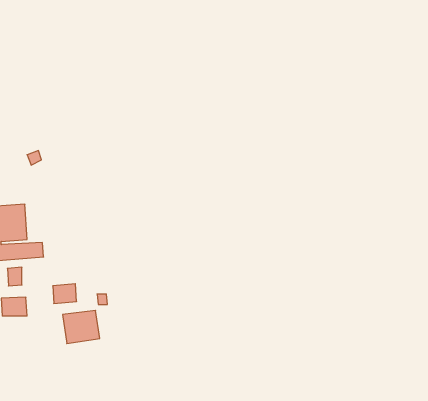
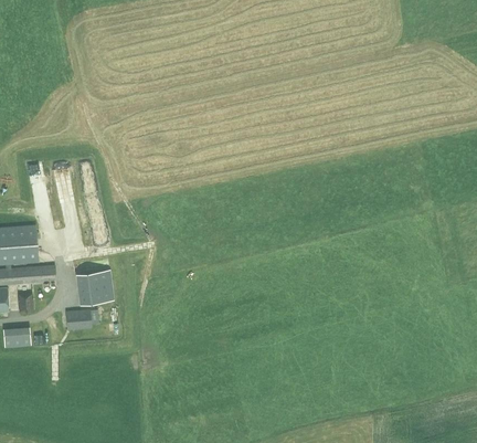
building: [63,310,100,344] -> [74,271,114,306]

